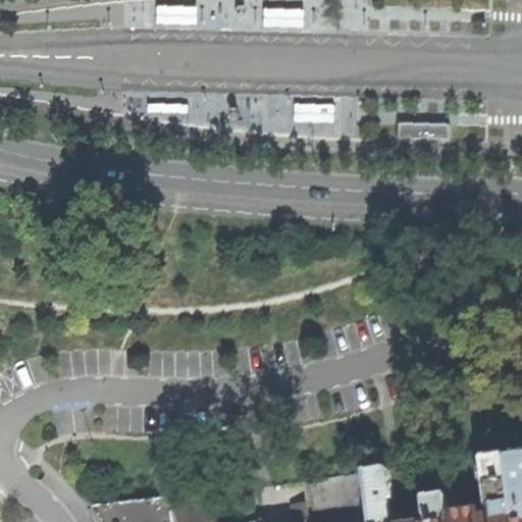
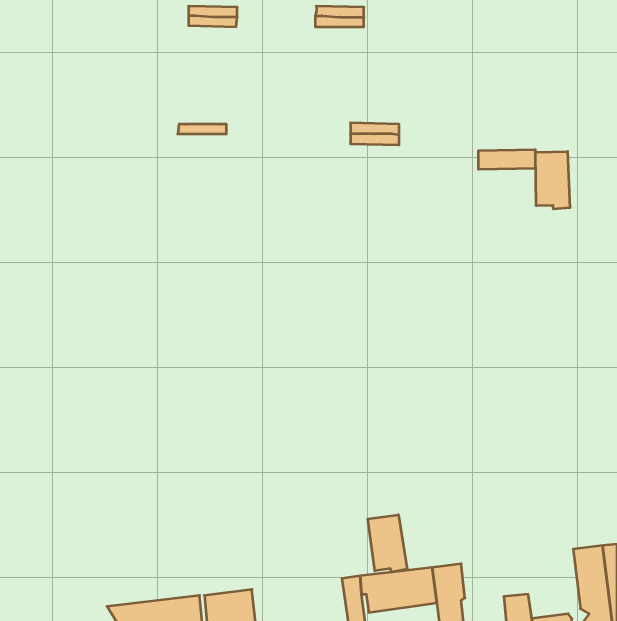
building: none -> [535,151,570,209]
building: none -> [368,515,407,572]

